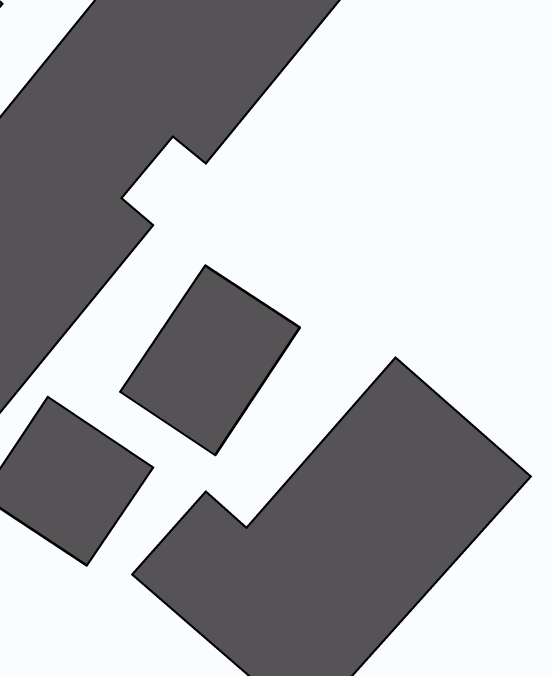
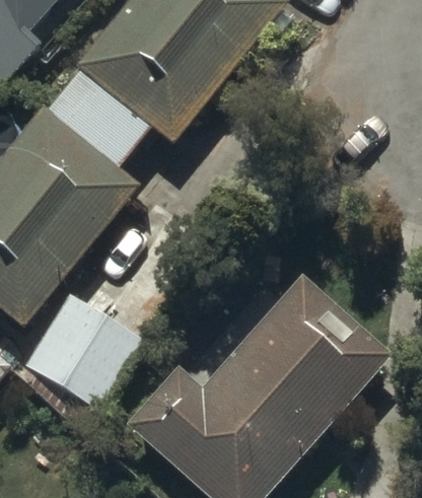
building: [120,266,300,455] -> none

